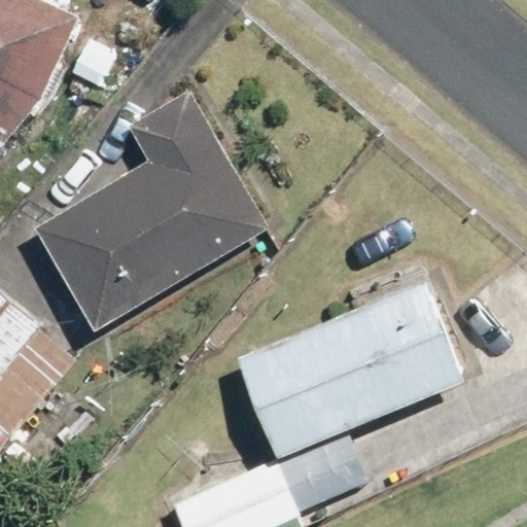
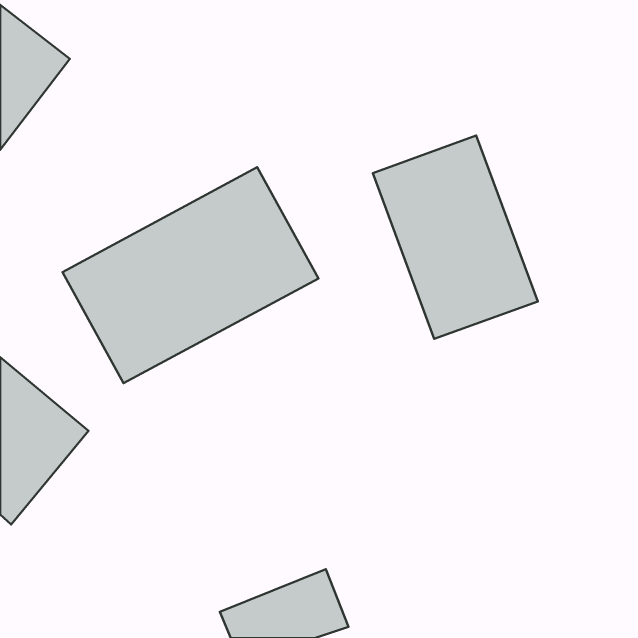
building: none -> [373,136,538,339]
building: [260,311,451,444] -> none

